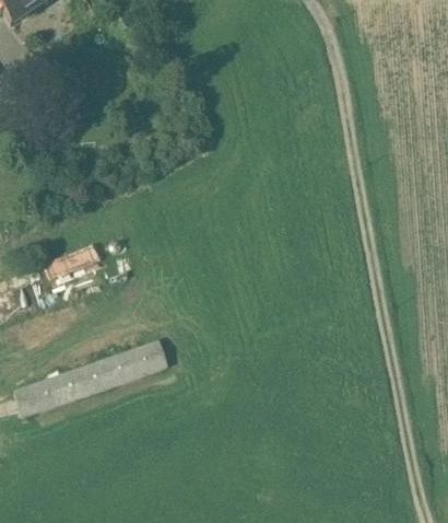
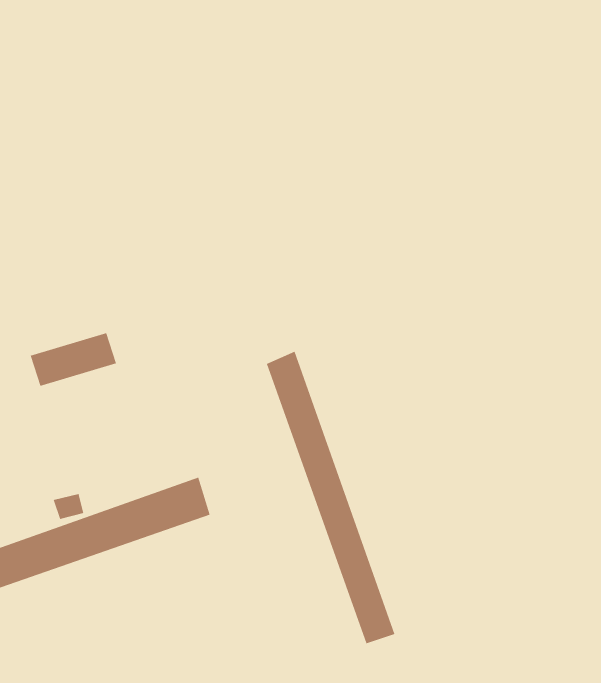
building: none -> [266,351,395,644]

